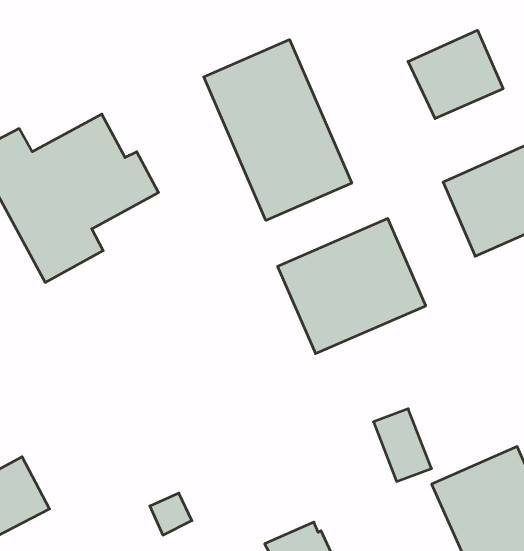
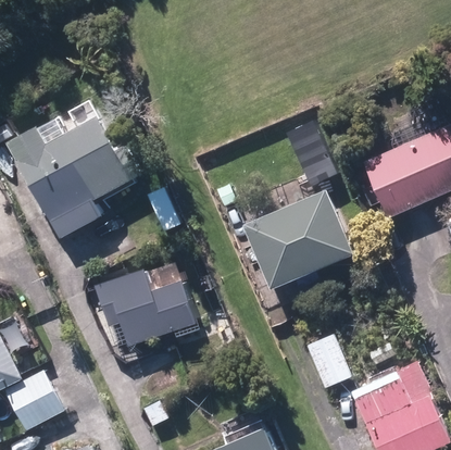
building: [408,30,503,119] -> none
building: [204,40,352,220] -> none
building: none -> [93,267,201,346]

